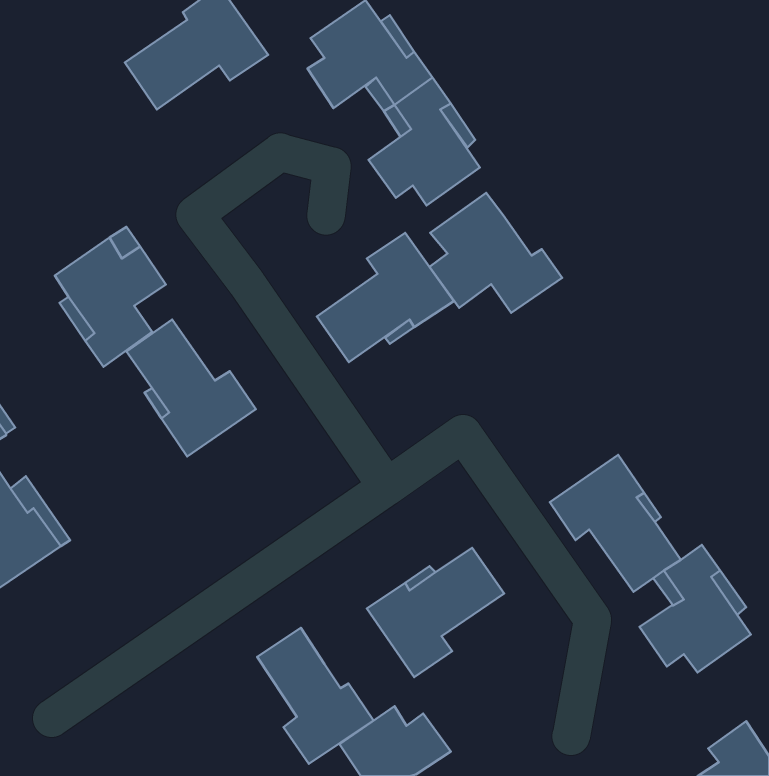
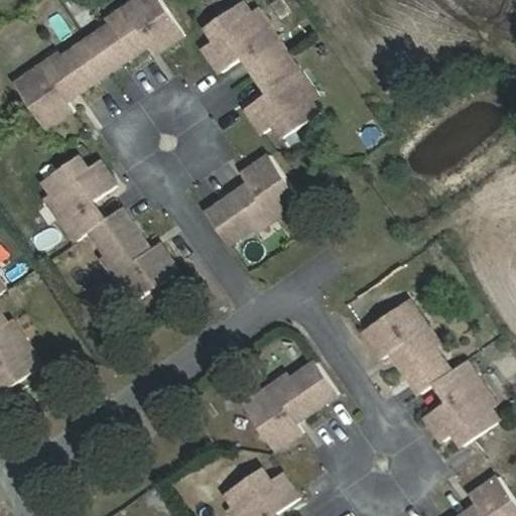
building: none -> [13,41,104,128]
building: [429,193,562,313] -> none
building: [257,628,374,764] -> none

